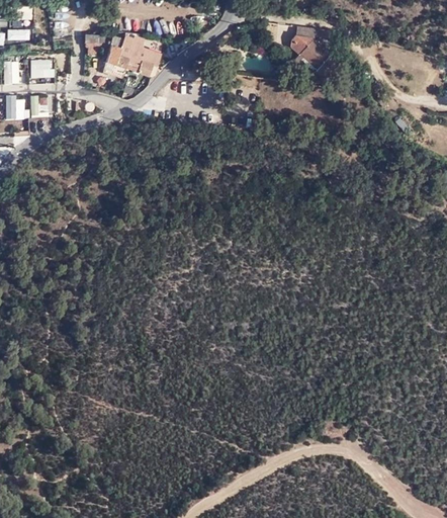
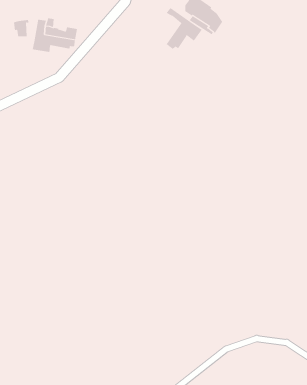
building: none -> [166,7,203,50]

